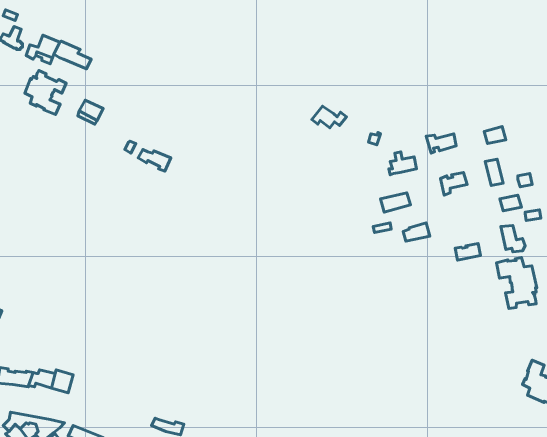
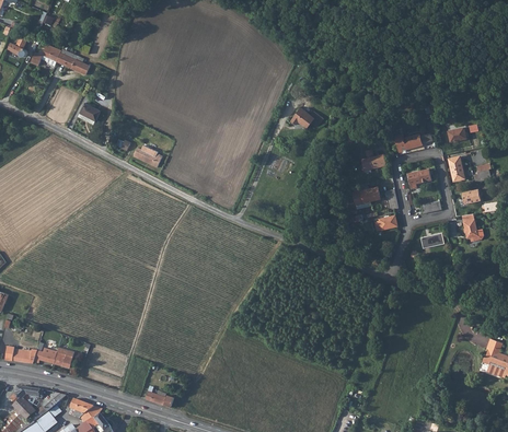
building: [25,70,66,114] -> none
building: [496,257,537,308] -> none

